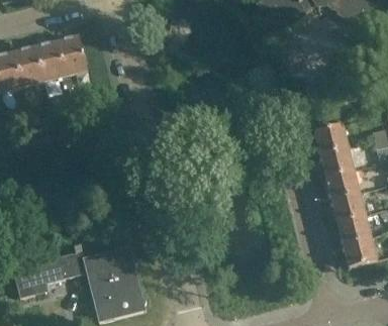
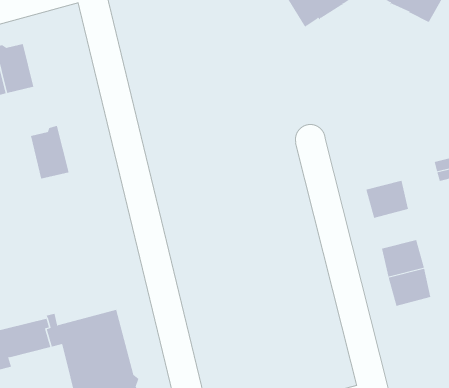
building: [57,33,87,75] -> [30,125,69,179]
building: [314,124,348,153] -> none
building: [325,169,359,199] -> none
building: [343,236,376,266] -> none

